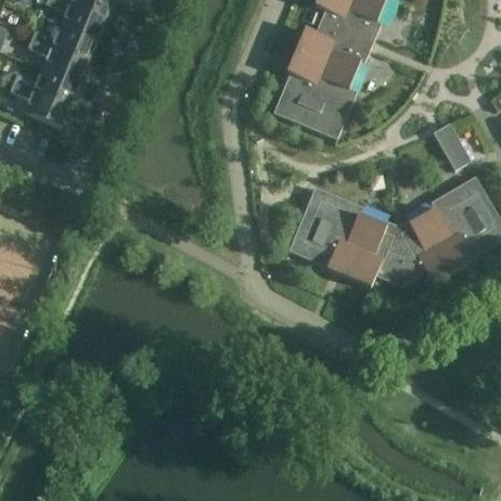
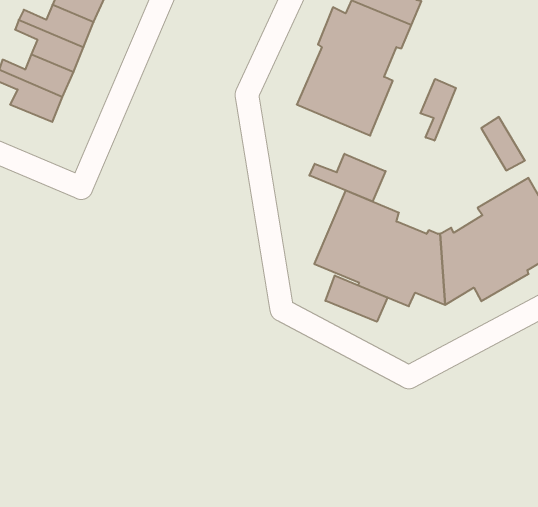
building: none -> [420,79,456,141]
building: none -> [309,154,386,201]
building: none -> [325,275,388,322]

